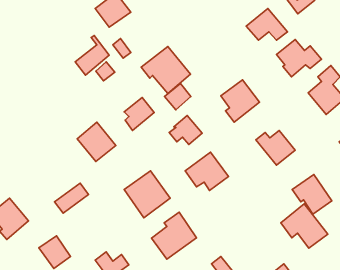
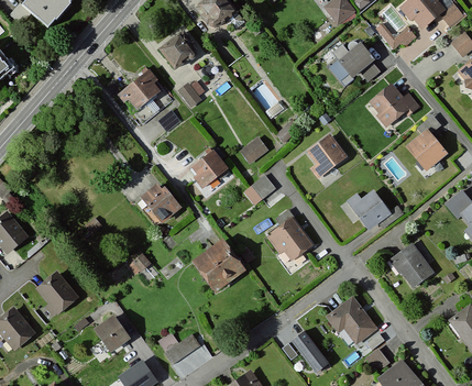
building: none -> [119,70,160,109]
building: [141,46,191,94] -> none
building: [281,204,328,248] -> [325,293,380,344]
building: [152,212,197,259] -> none

